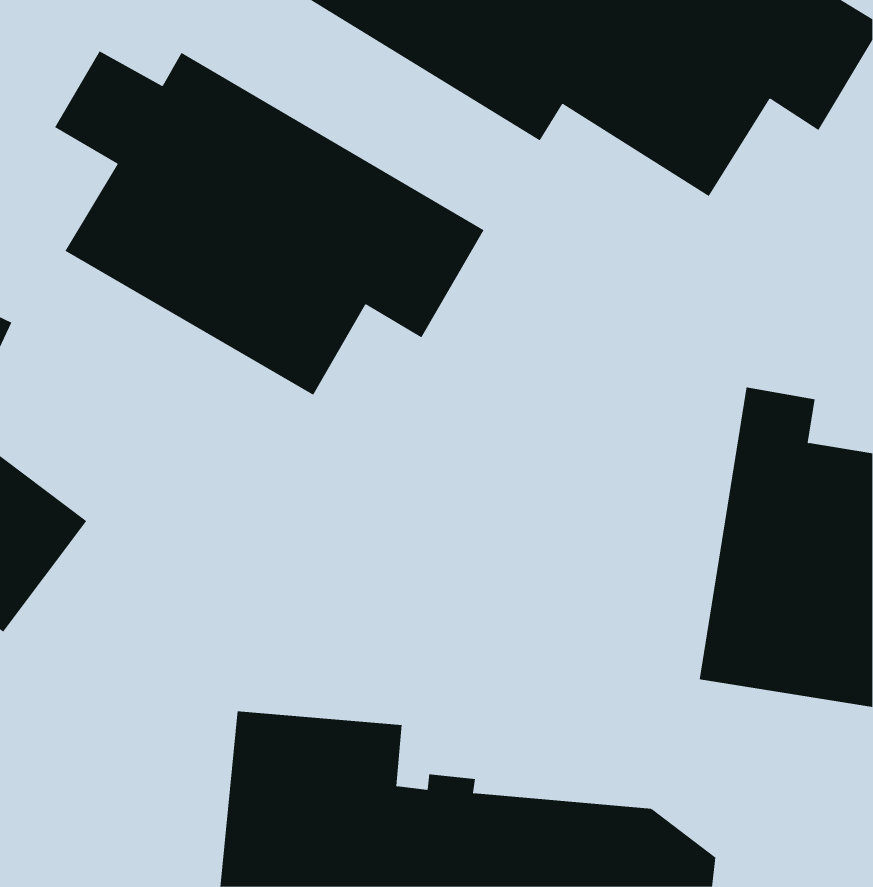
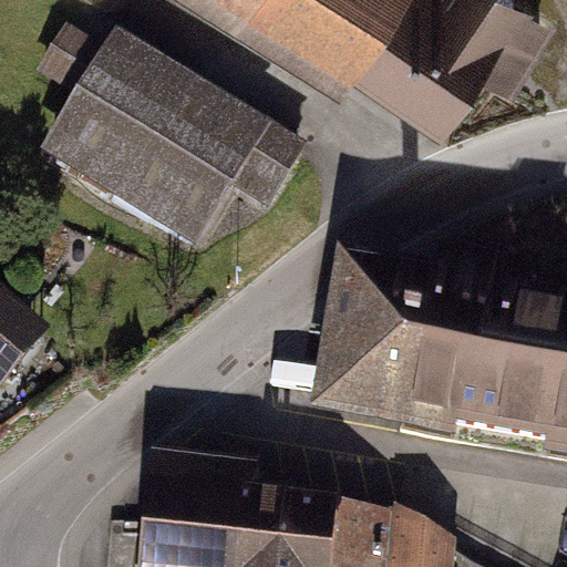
building: none -> [327,256,470,432]

